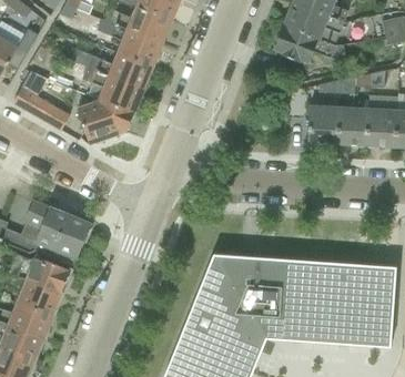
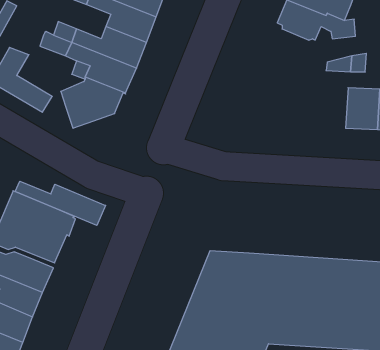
building: [307,105,338,143] -> none
building: none -> [15,181,106,225]

